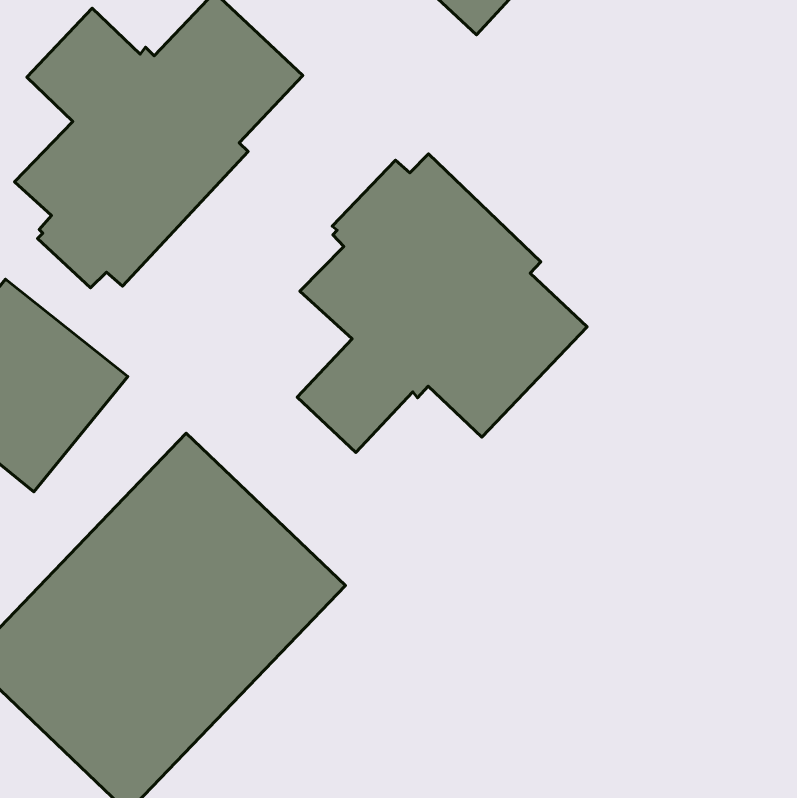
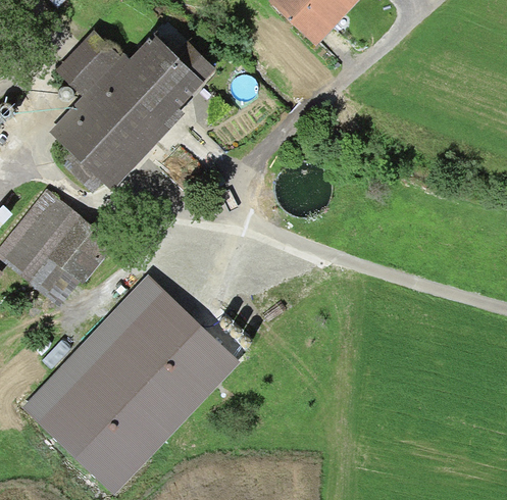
building: [297,154,587,452] -> none

